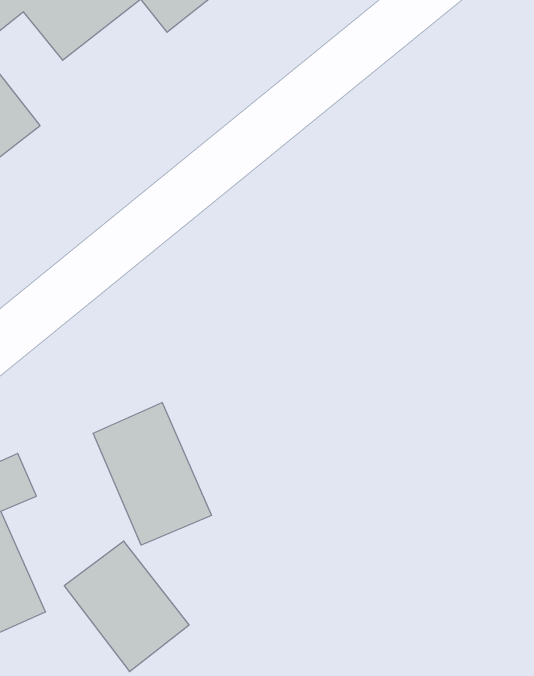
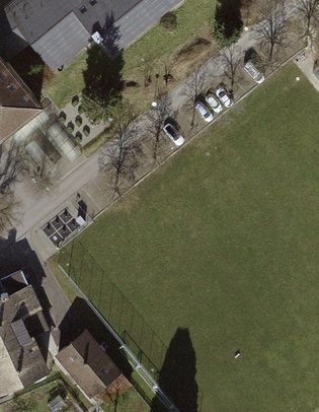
building: [93,402,212,545] -> none

